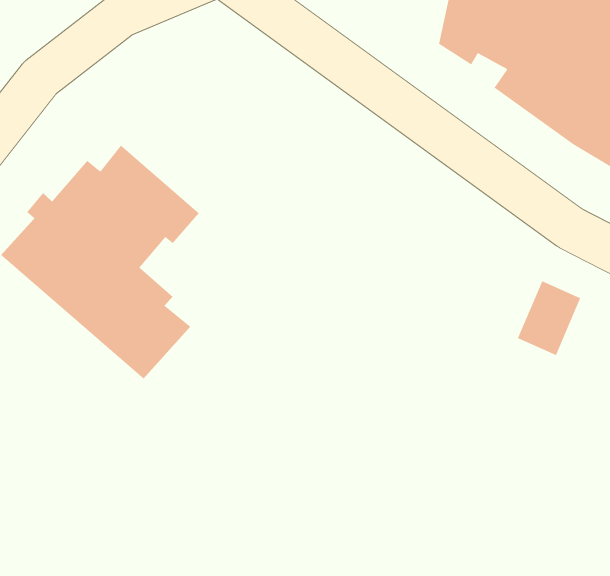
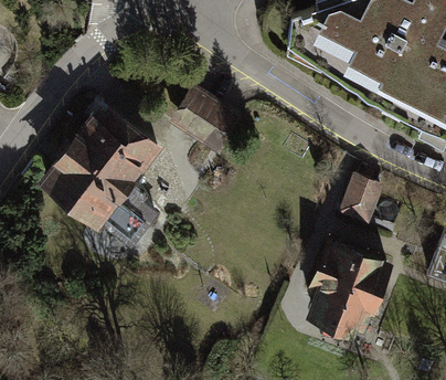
building: none -> [169,85,241,151]
building: none -> [312,243,387,331]

